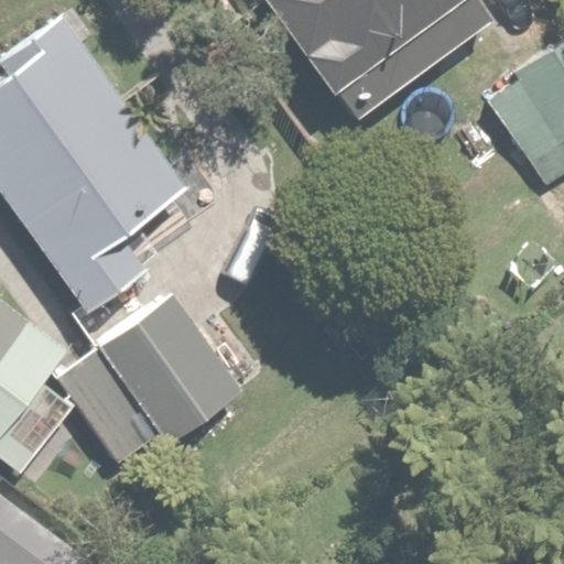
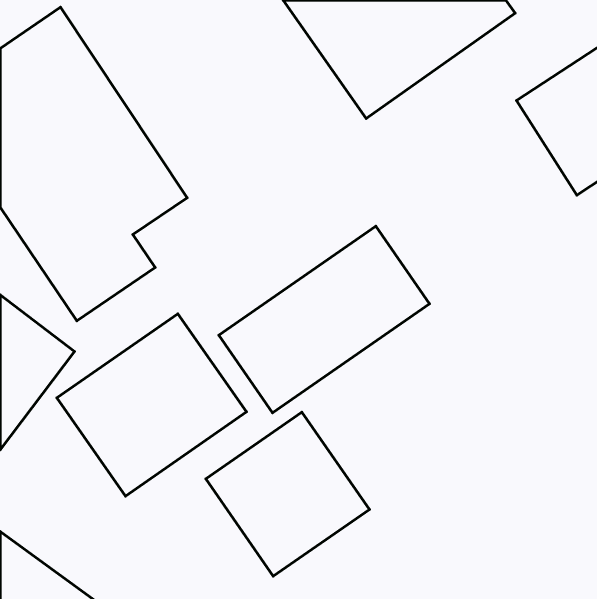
building: none -> [219,226,429,413]
building: none -> [206,412,369,576]

